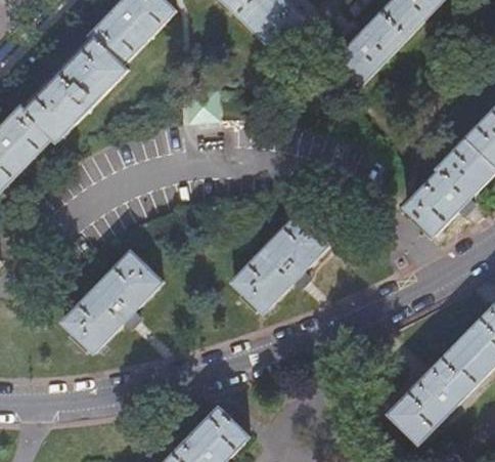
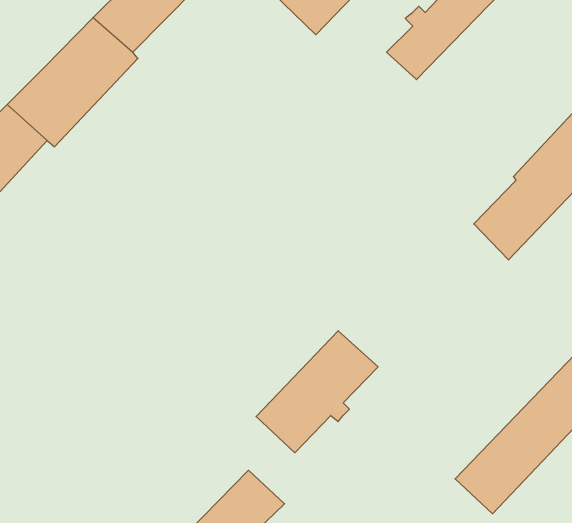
building: [232,211,332,311] -> [256,331,378,453]
building: [63,253,162,351] -> none

